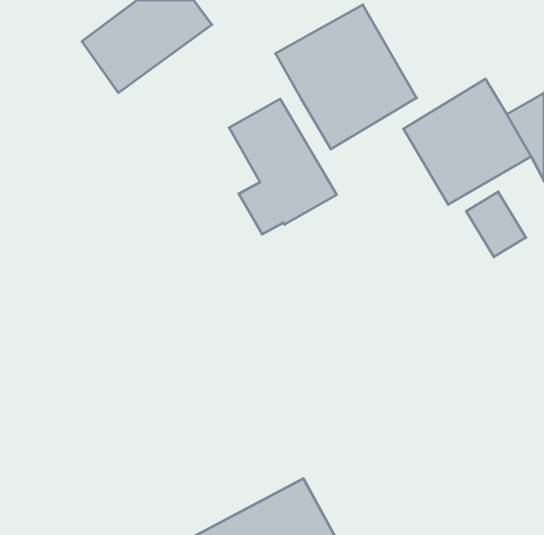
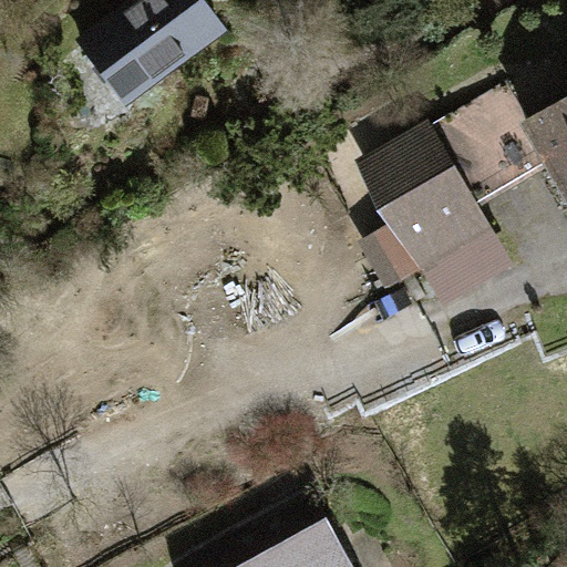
building: [275,5,417,149] -> none
building: [229,99,337,234] -> [367,144,478,285]

